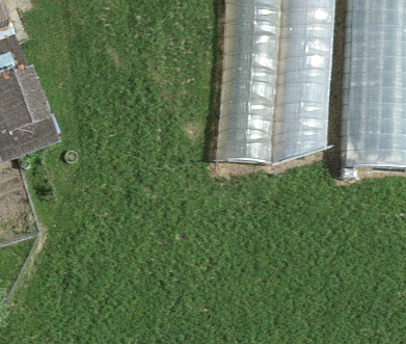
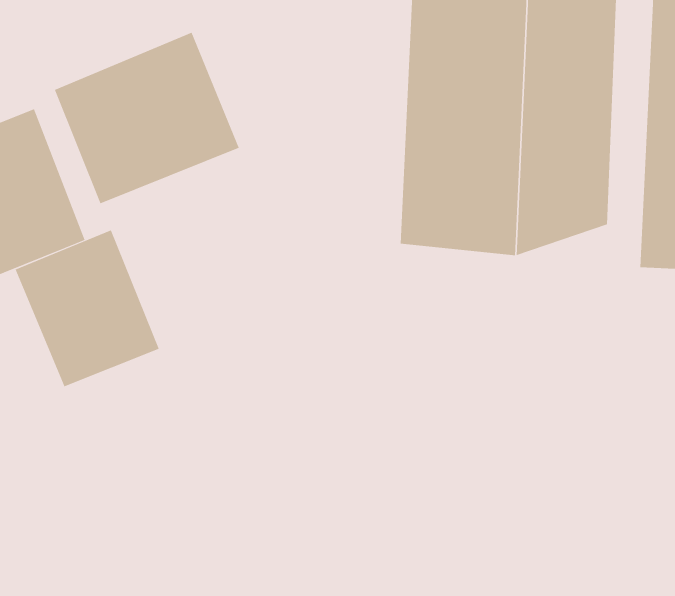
building: none -> [54,32,239,204]
building: none -> [15,230,159,387]

